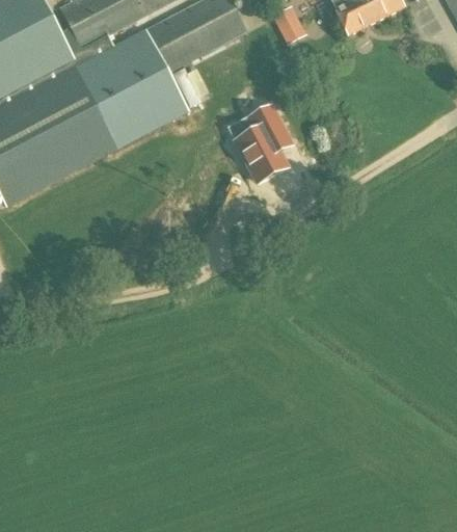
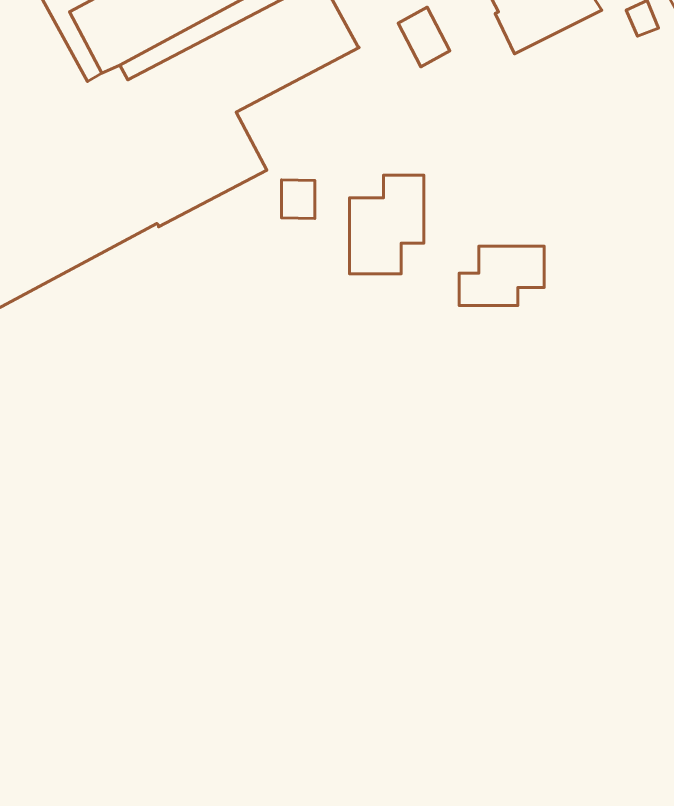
building: none -> [282,180,315,218]
building: none -> [459,246,544,305]

